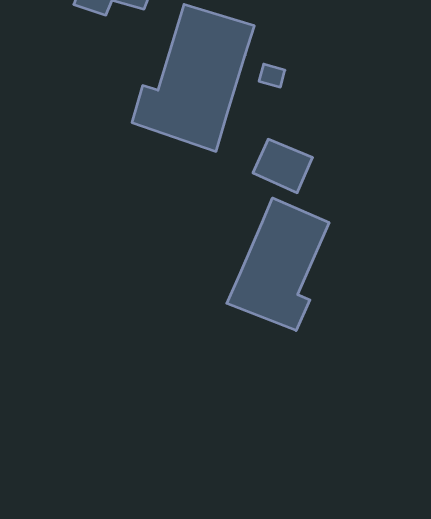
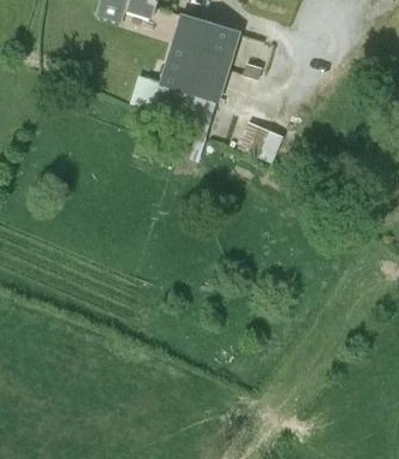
building: [227,198,329,331] -> none

